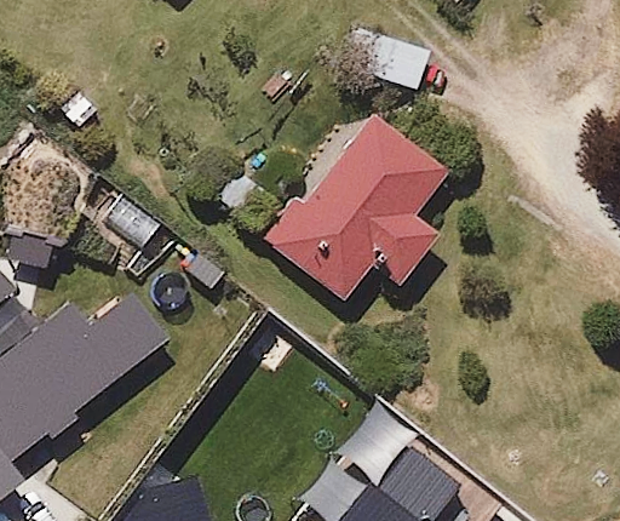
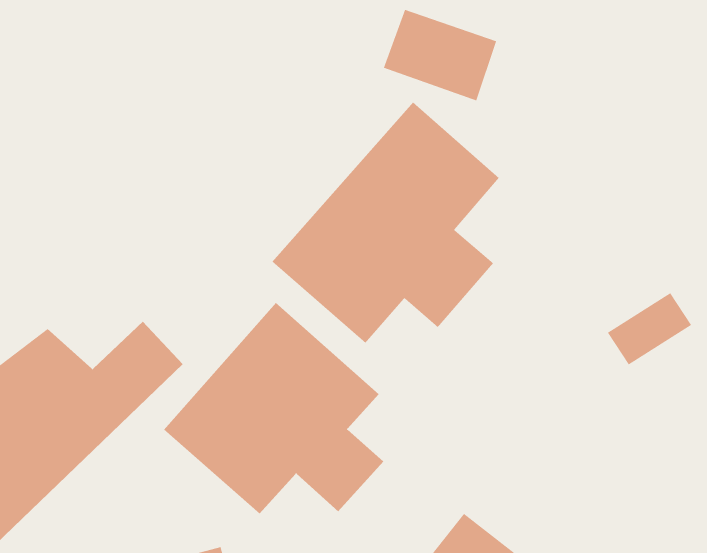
building: none -> [163,302,384,515]

